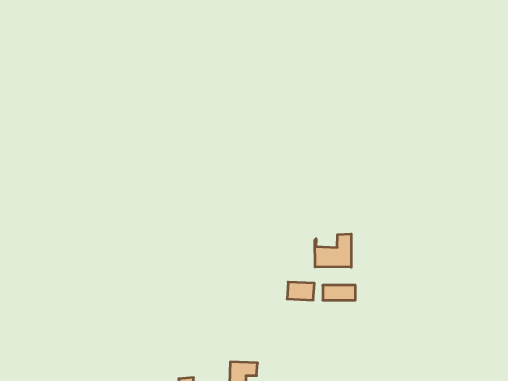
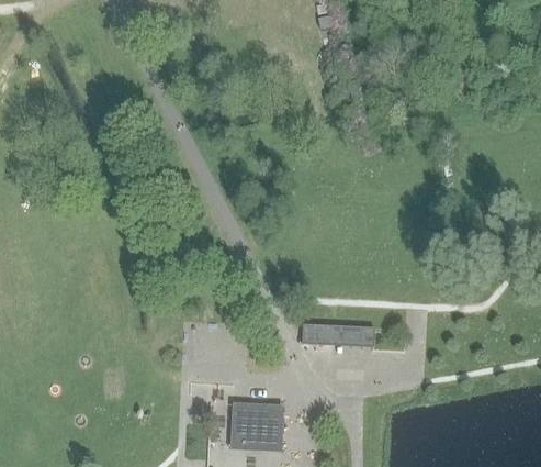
building: [315,234,351,267] -> none

